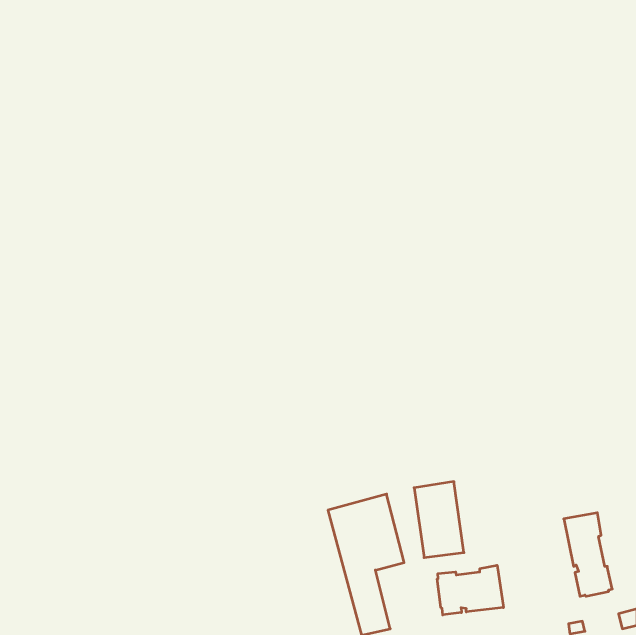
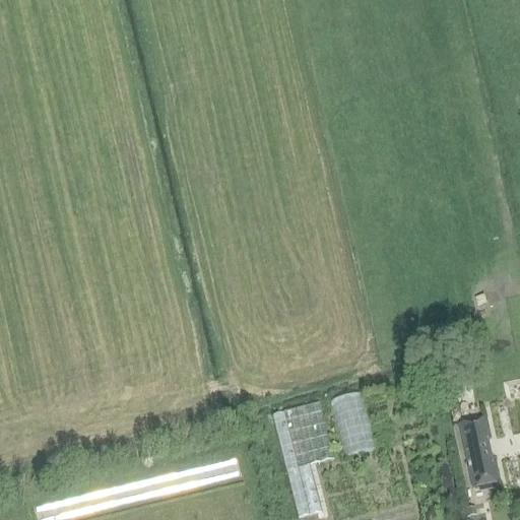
building: [437,565,503,615] -> none

